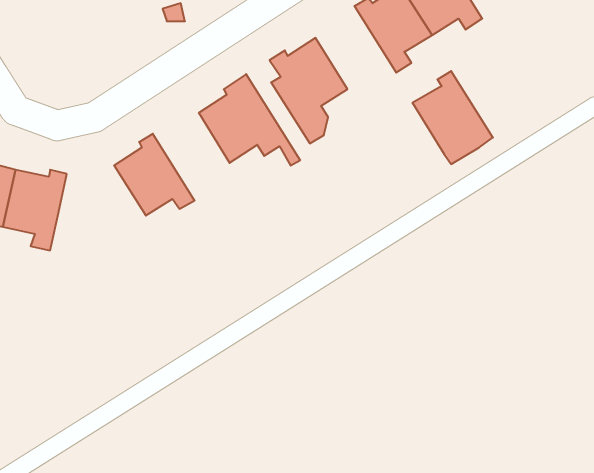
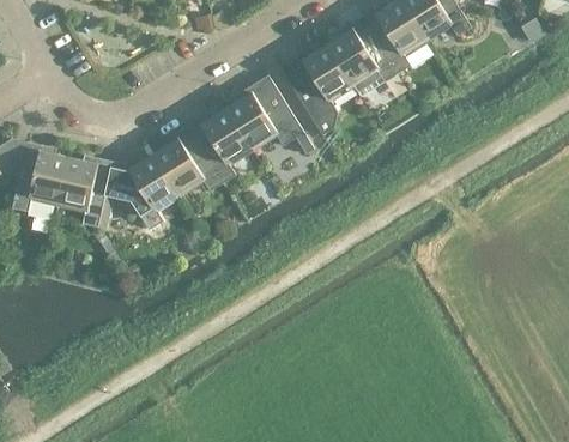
building: [412,71,493,164] -> [326,16,395,96]
building: none -> [186,108,252,183]
building: none -> [104,153,180,229]

